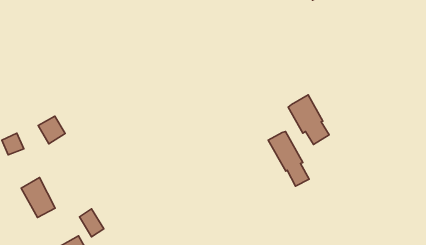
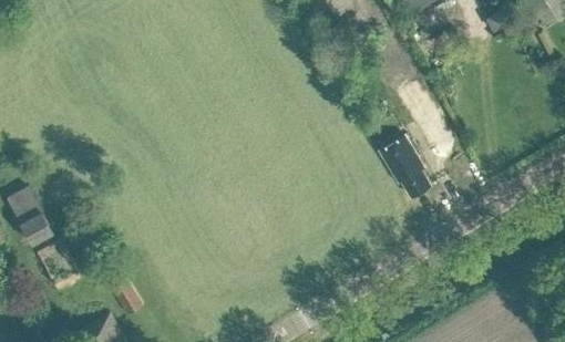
building: [38,116,65,144] -> [20,209,54,245]
building: [268,131,309,186] -> none

